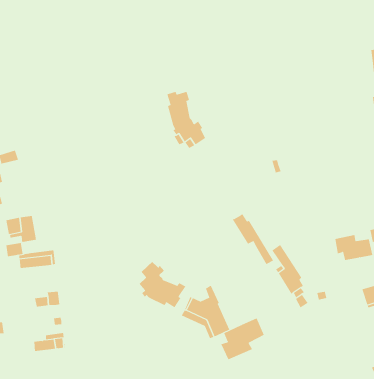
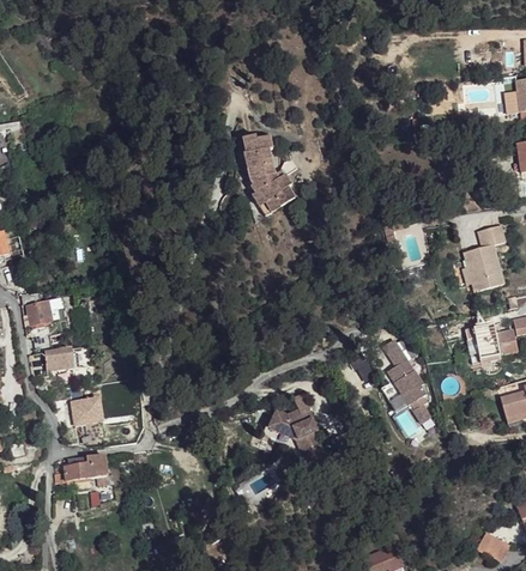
building: none -> [461,225,503,291]
building: [232,213,274,265] -> none
building: [139,261,186,308] -> none
building: [221,317,264,360] -> none

